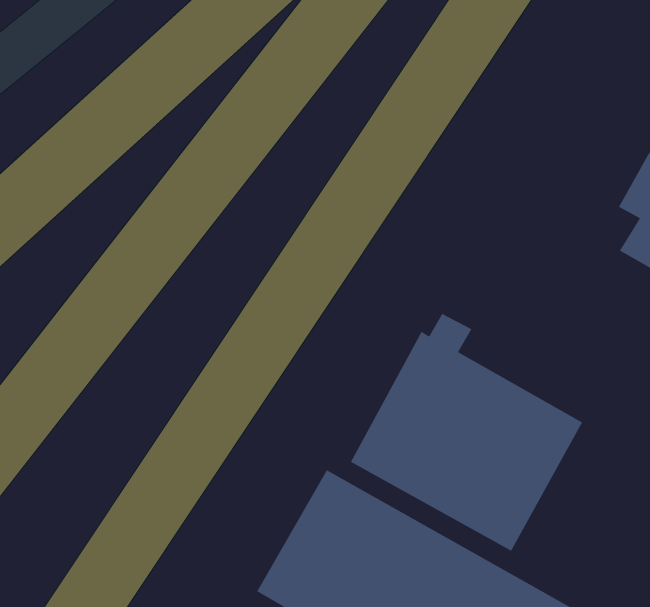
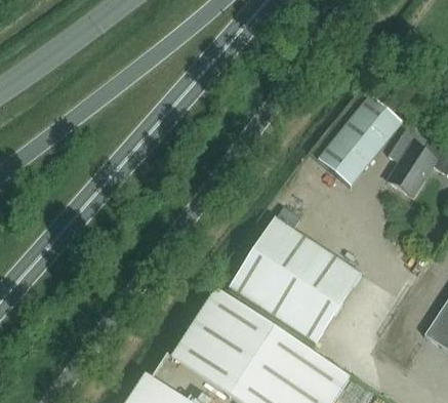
building: none -> [318,95,402,186]

